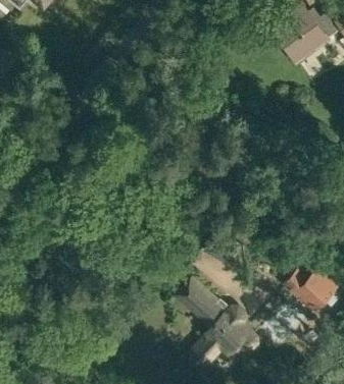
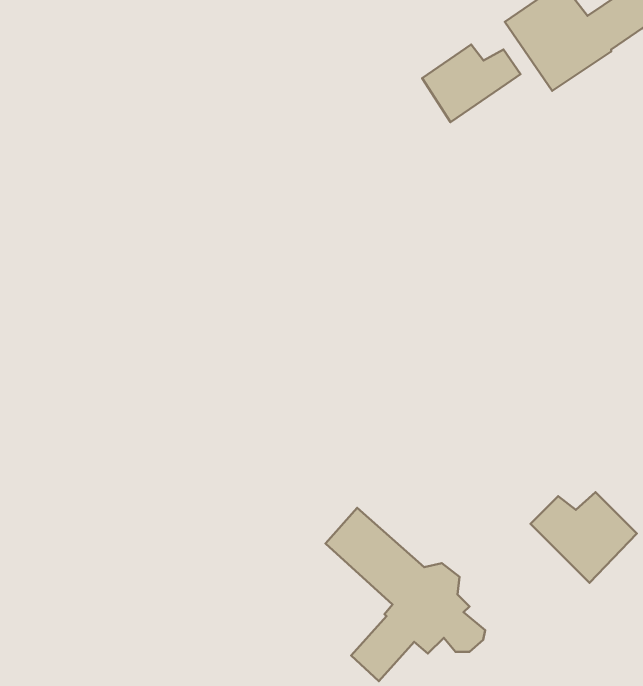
building: none -> [422,45,520,122]

